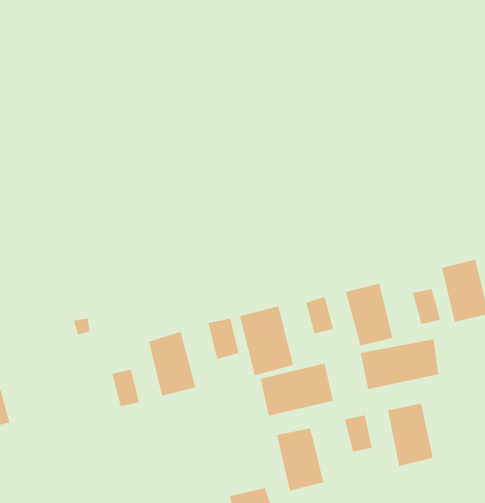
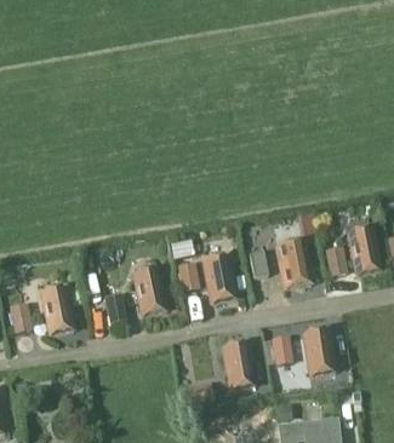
building: [360,338,439,390] -> none
building: [260,363,333,416] -> none
building: none -> [40,287,74,332]

